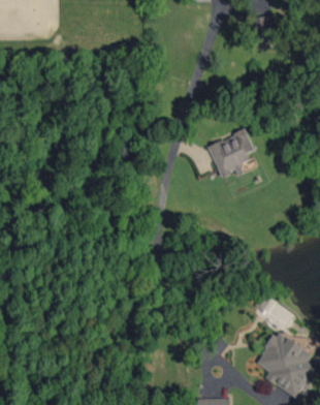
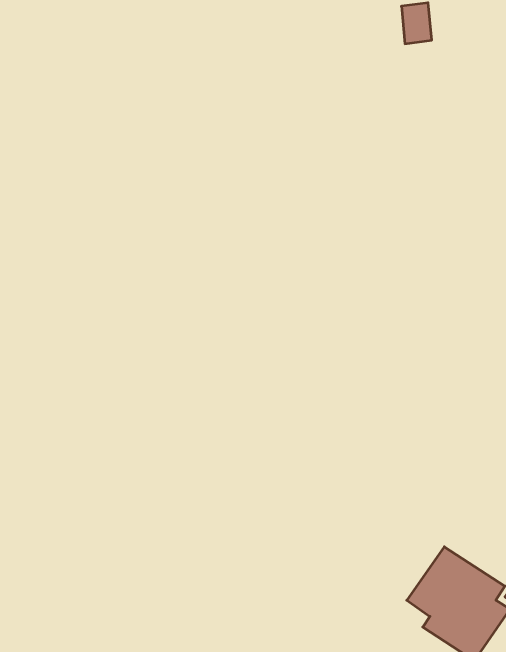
building: [207,129,254,178] -> none

